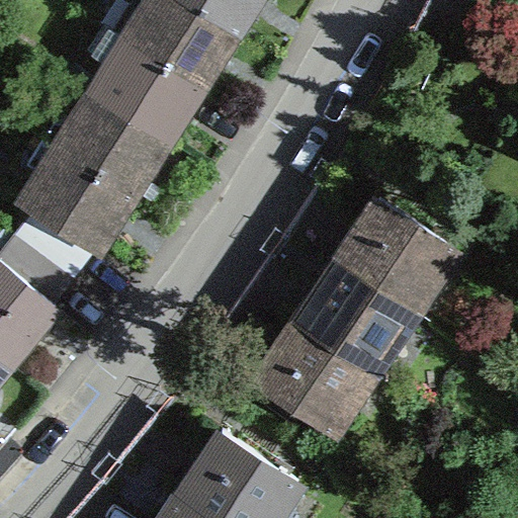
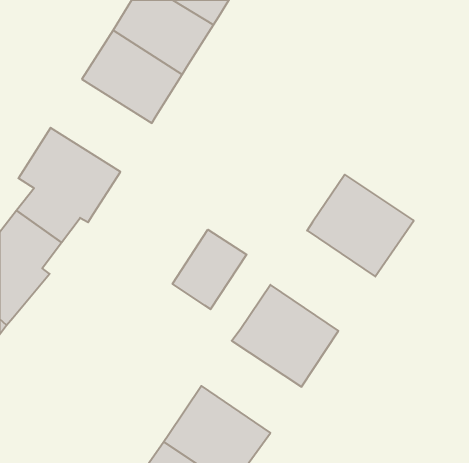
building: [56,94,167,196] -> none
building: none -> [173,230,247,309]
building: [297,261,413,371] -> none

